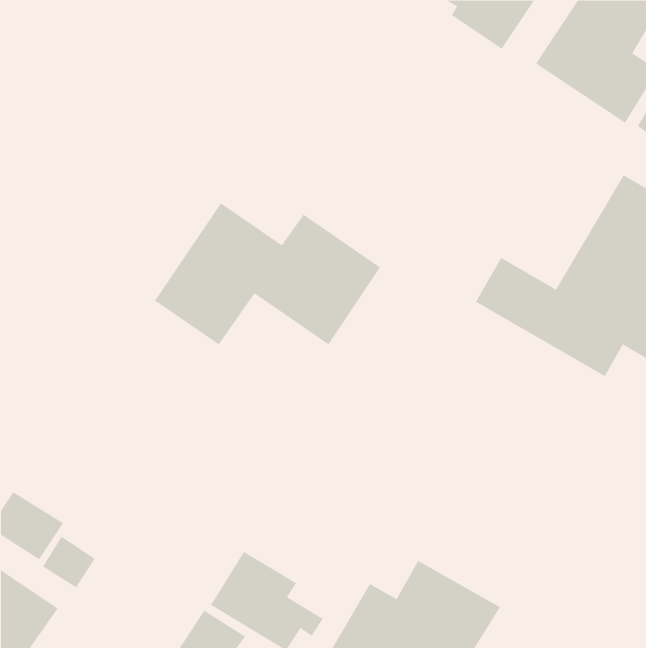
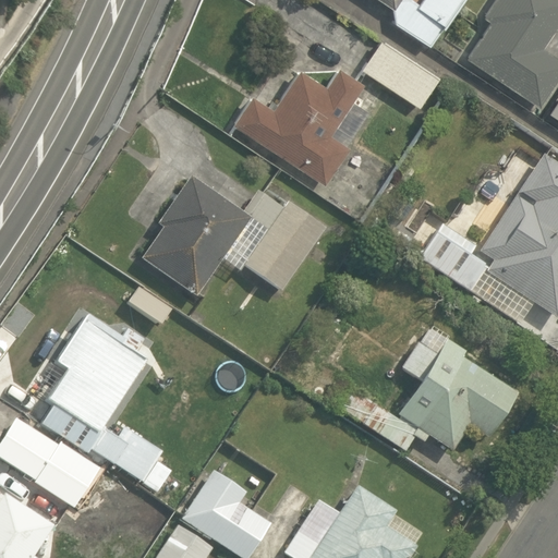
building: none -> [362,38,441,111]
building: none -> [231,61,371,182]
building: none -> [35,314,161,482]
building: none -> [326,316,517,456]

